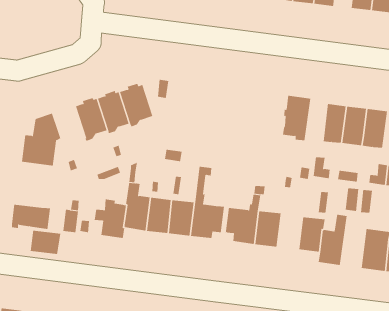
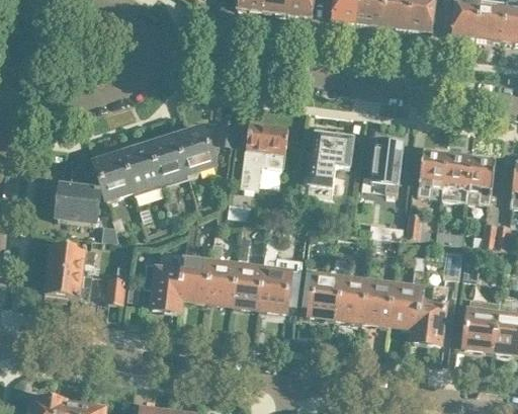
building: none -> [241,123,288,189]
building: none -> [298,131,353,197]
building: none -> [94,151,134,203]
building: none -> [363,281,394,325]
building: [30,230,61,255] -> [48,245,85,274]

